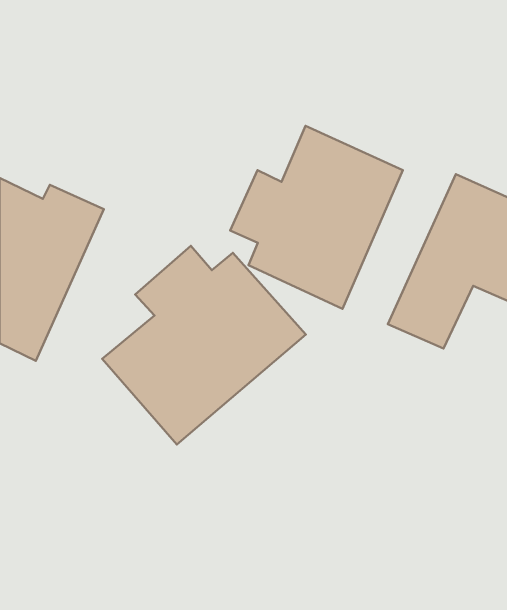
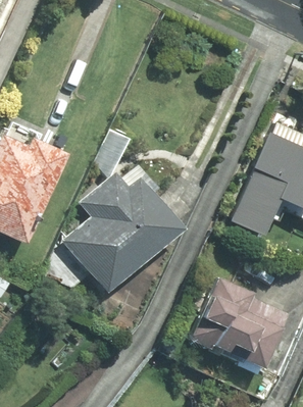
building: [230,126,403,309] -> none
building: none -> [193,277,281,367]

